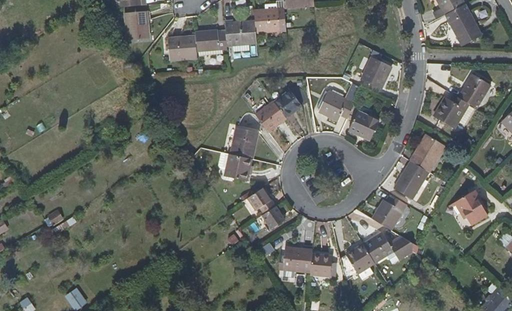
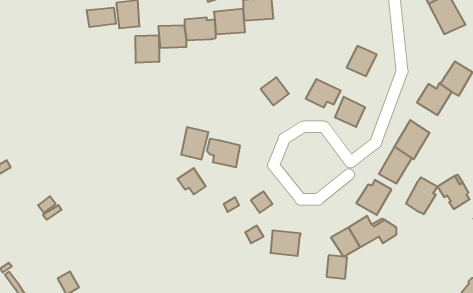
building: none -> [87,8,116,27]
building: none -> [136,35,159,63]
building: [254,101,285,131] -> none
building: [230,126,258,159] -> [181,127,208,159]
building: [246,187,275,214] -> [177,168,206,194]
building: none -> [406,177,437,214]
building: [310,252,331,276] -> [327,255,347,279]

